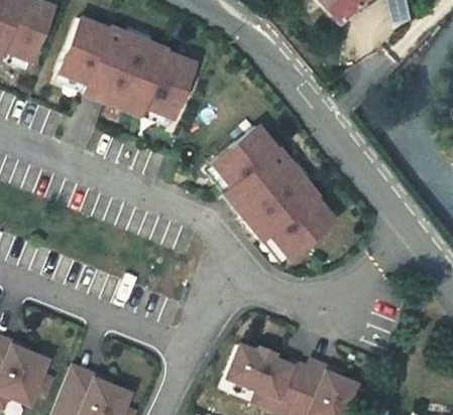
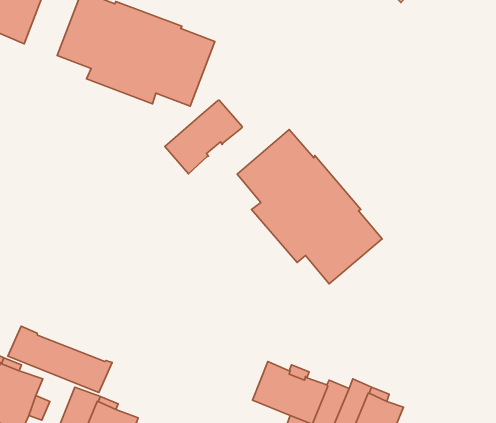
building: none -> [165,100,242,174]
building: none -> [8,326,112,392]

